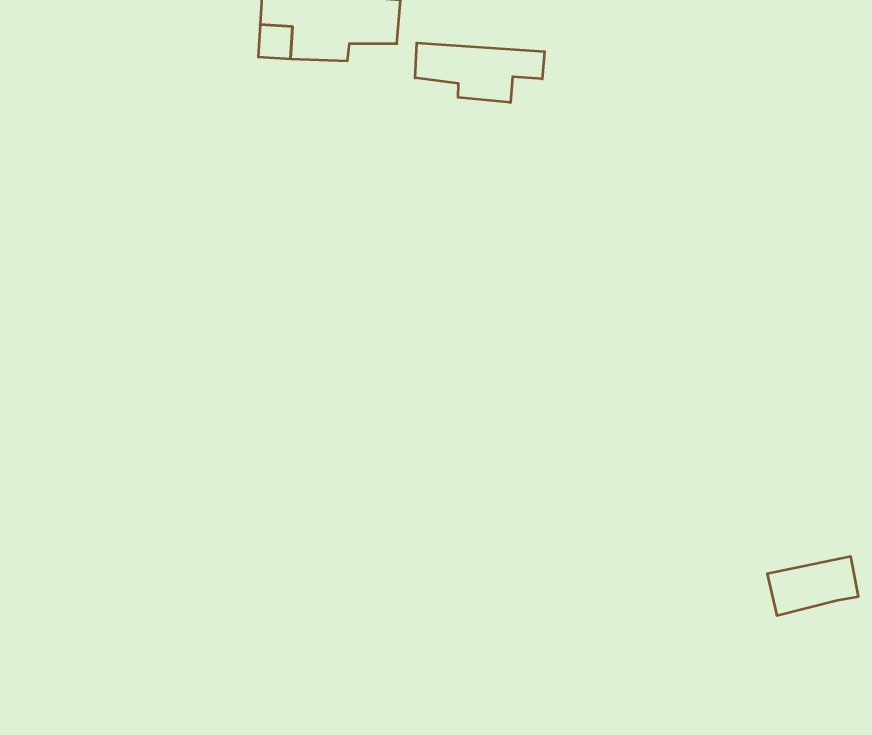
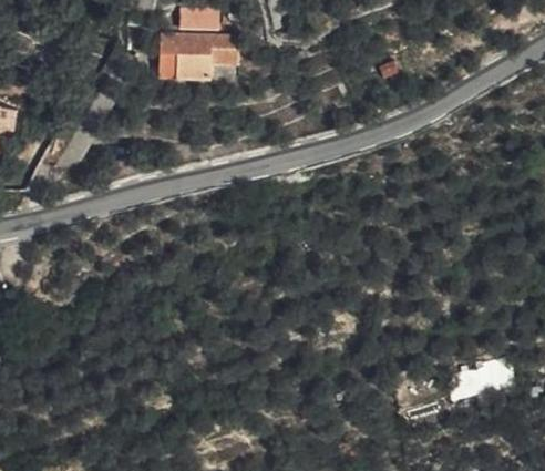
building: [415,43,545,103] -> none

